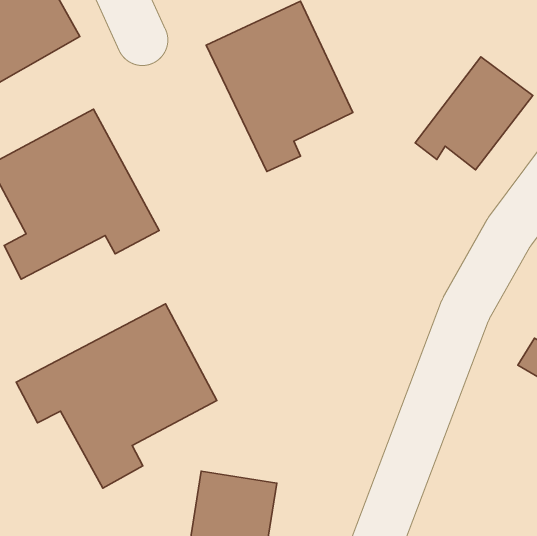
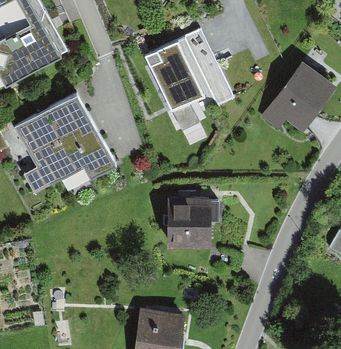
building: none -> [167,196,219,248]
building: [16,304,217,488] -> none

